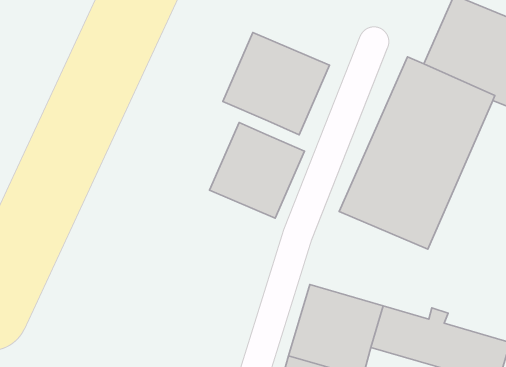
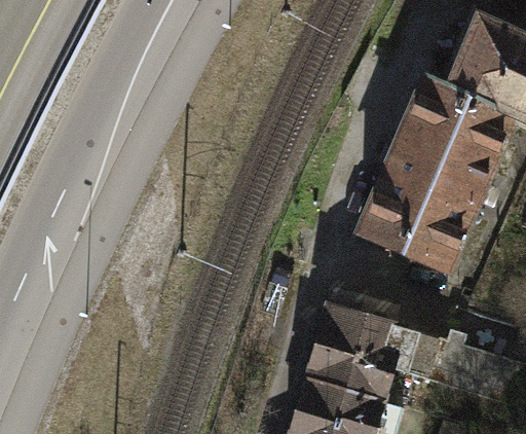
building: [223,32,330,135] -> none
building: [210,122,304,218] -> none

